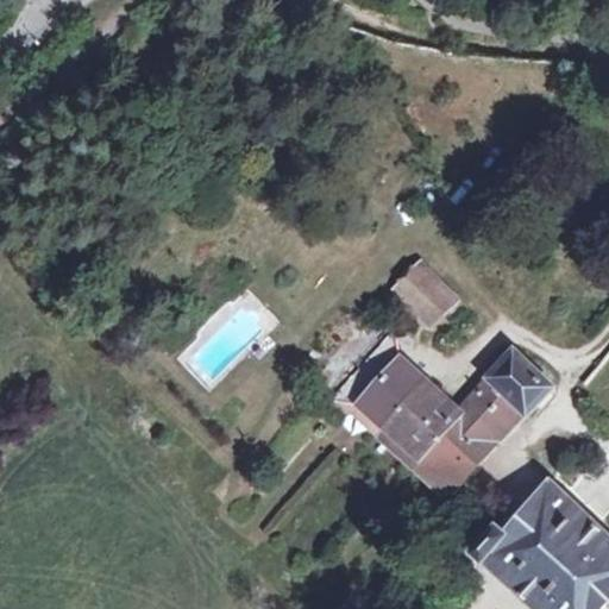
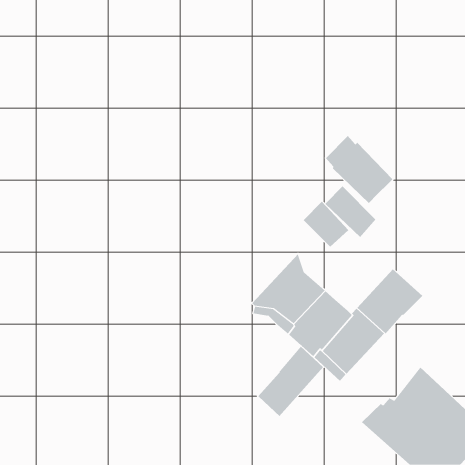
building: none -> [325,135,393,204]
building: none -> [324,186,376,238]
building: none -> [257,346,324,417]

